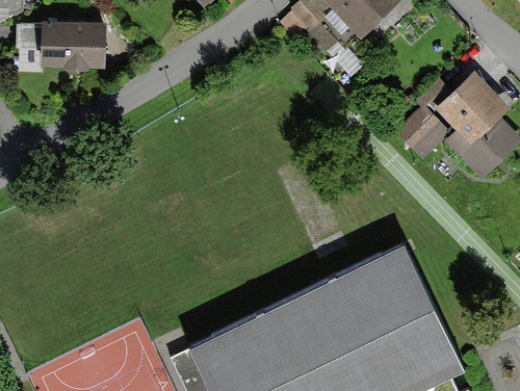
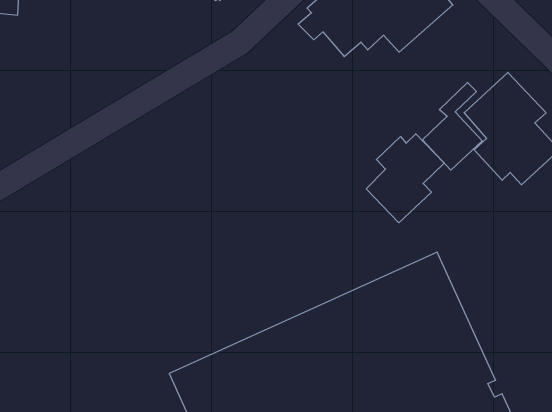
building: [20,22,106,73] -> none
building: none -> [366,134,444,223]

